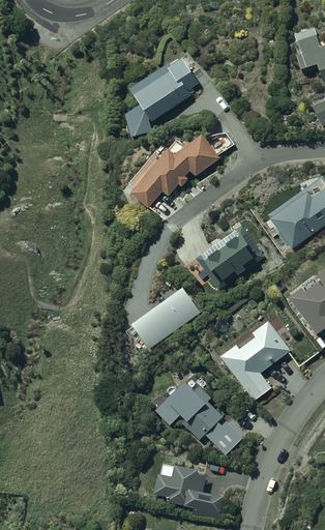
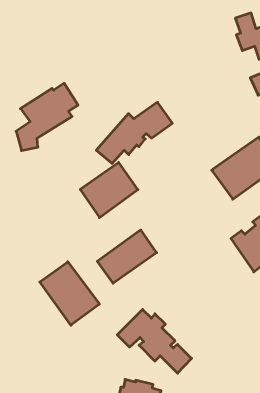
building: [125,56,199,136] -> [16,83,78,151]
building: [196,225,264,290] -> [80,162,138,218]
building: [220,320,291,401] -> none
building: none -> [40,262,99,325]

